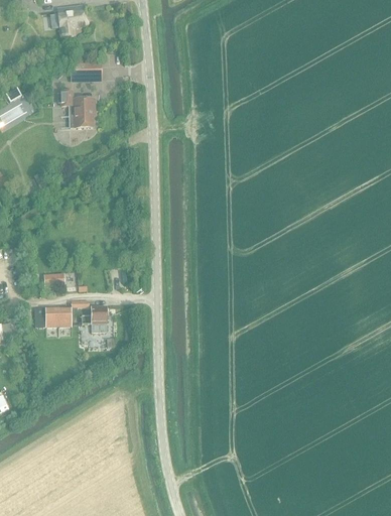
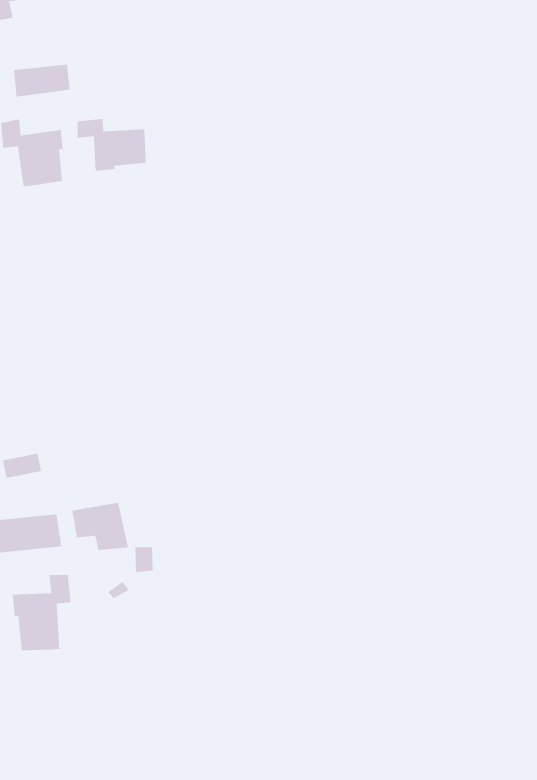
building: none -> [77,118,146,172]
building: none -> [12,574,71,651]

